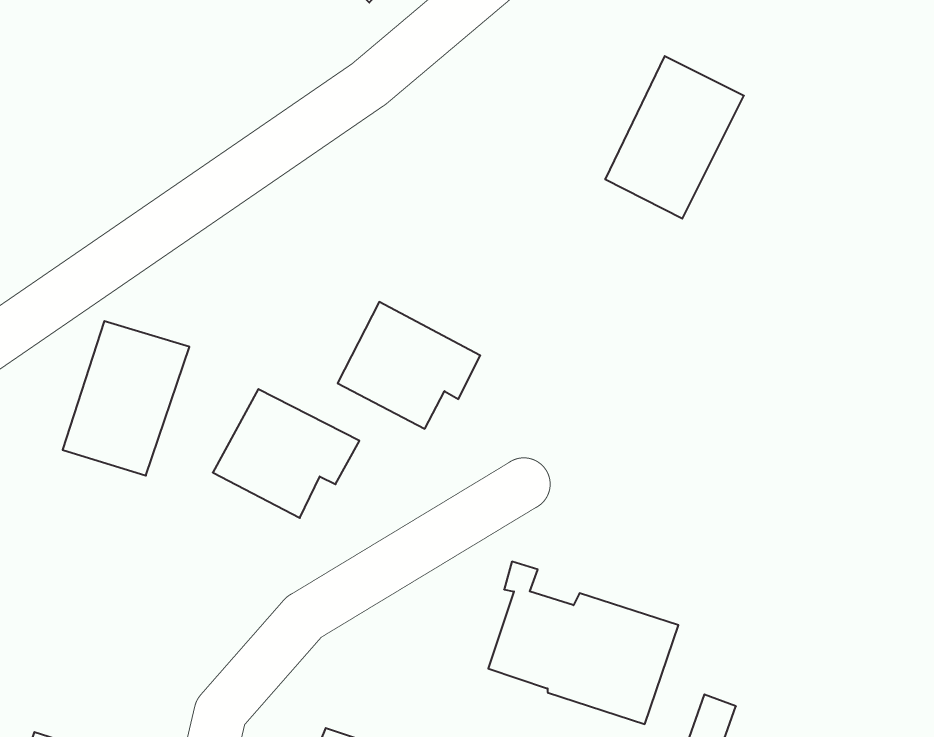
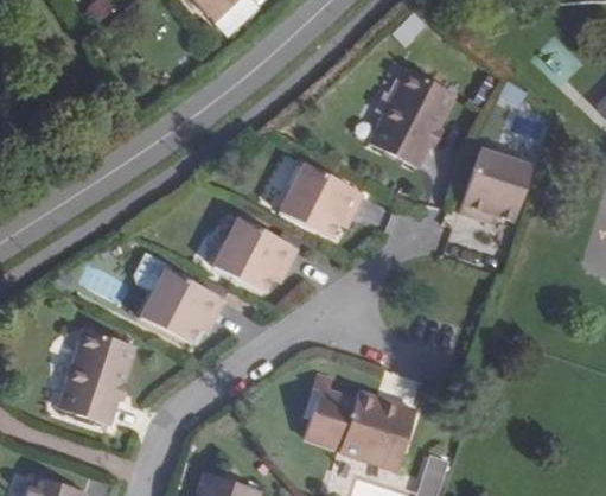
building: none -> [457,145,531,218]
building: none -> [279,164,365,240]
building: [63,321,189,476] -> [52,333,128,426]

